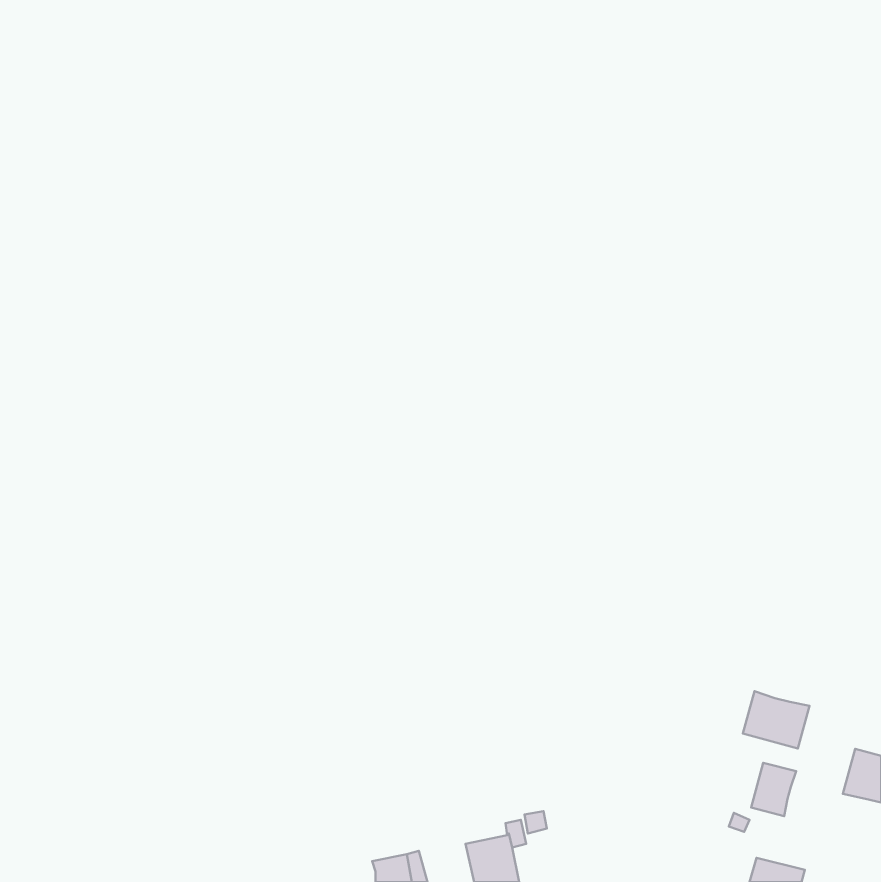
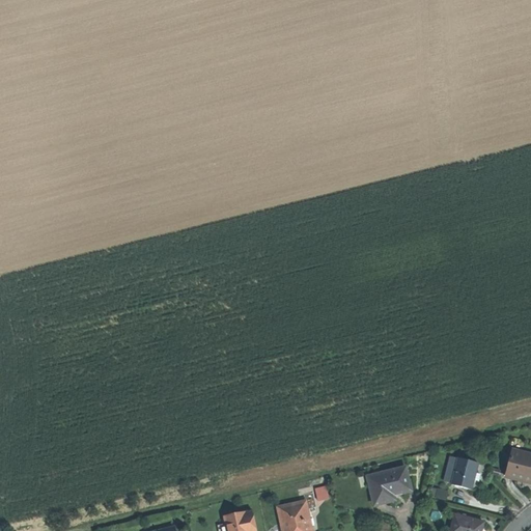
building: [743,691,809,748] -> none
building: none -> [367,467,410,505]

